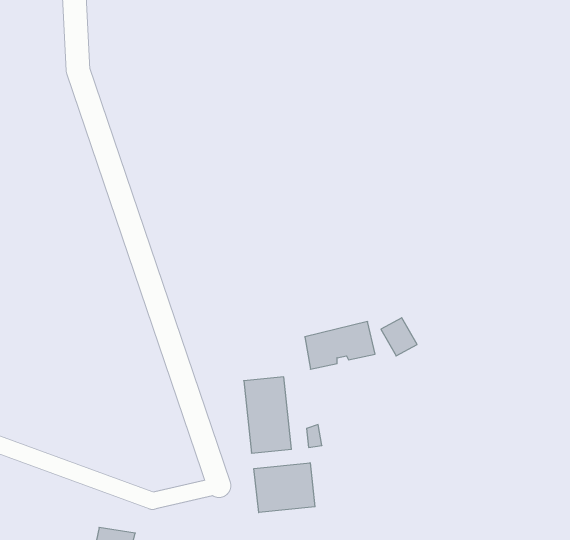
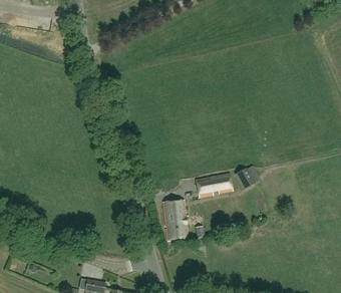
building: [254,463,315,513] -> none

